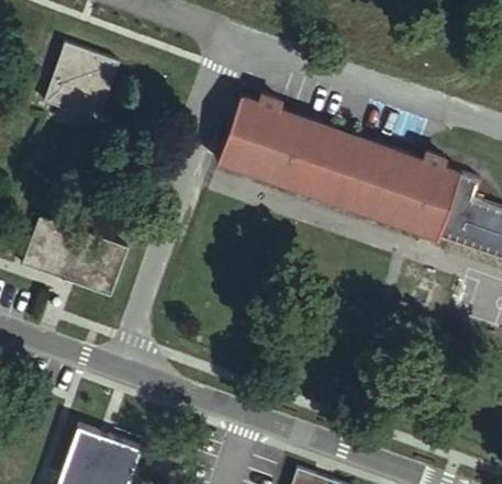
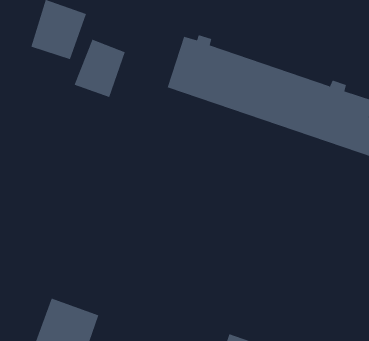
building: none -> [74,39,126,98]
building: [25,224,124,303] -> none

